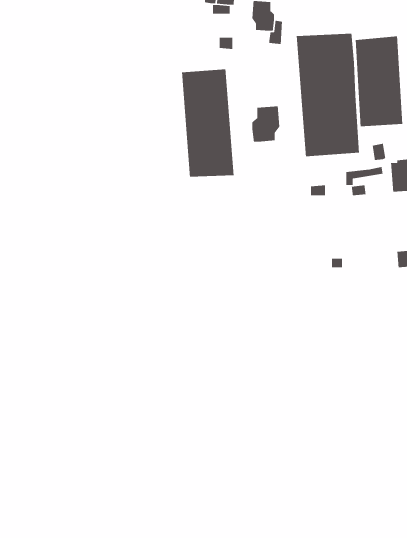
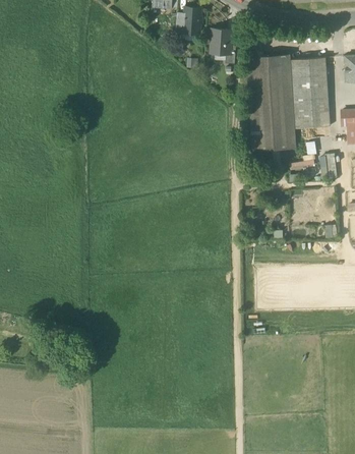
building: [181,68,234,177] -> none
building: [252,106,280,143] -> none

